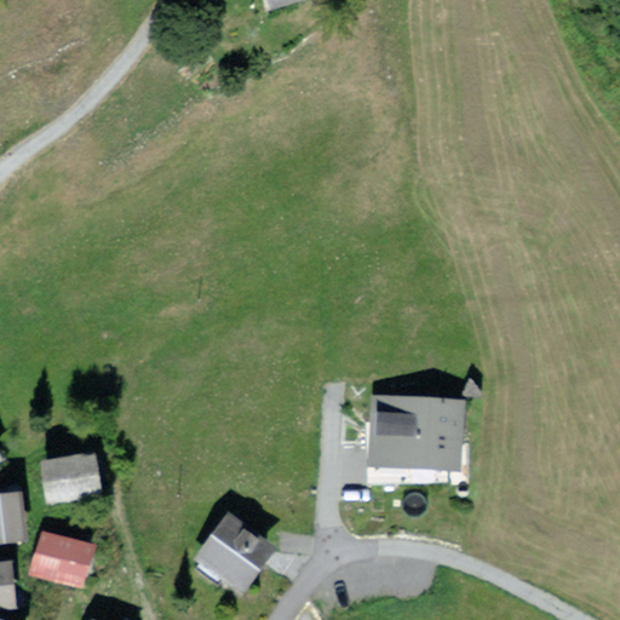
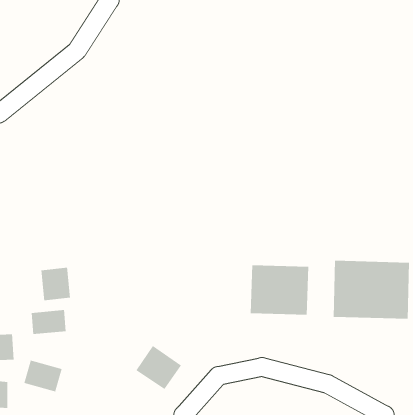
building: none -> [333,260,409,320]
building: none -> [41,267,70,301]

